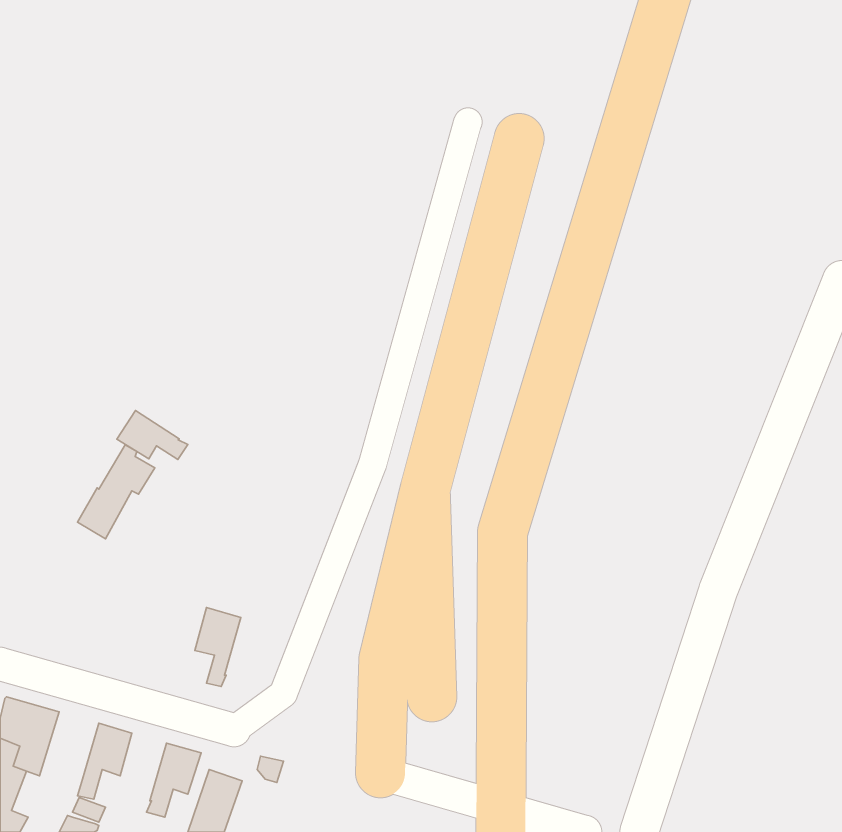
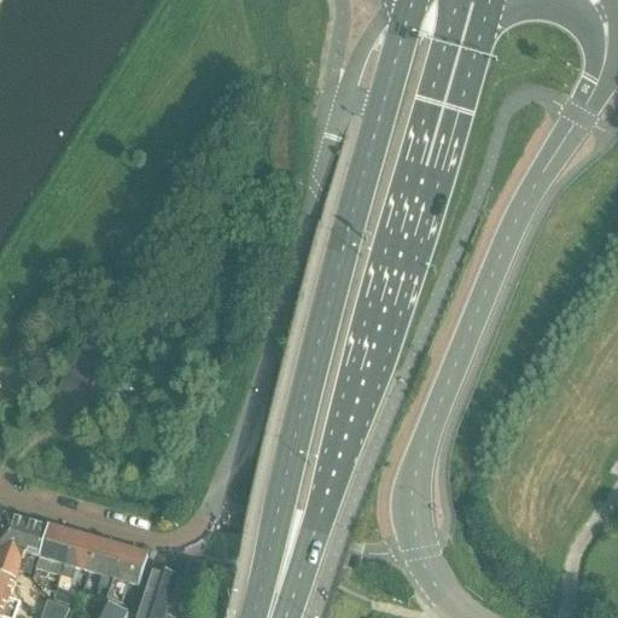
building: [117,410,188,460] -> none
building: [195,608,241,687] -> [88,537,122,595]
building: none -> [35,523,72,571]

